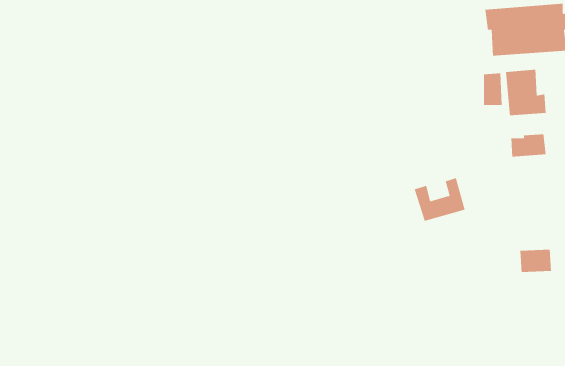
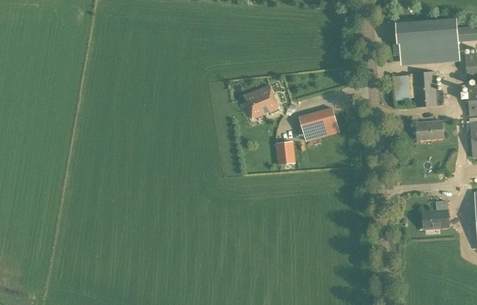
building: none -> [243,84,280,119]
building: none -> [276,140,295,164]
building: [414,177,466,221] -> [299,107,339,141]

